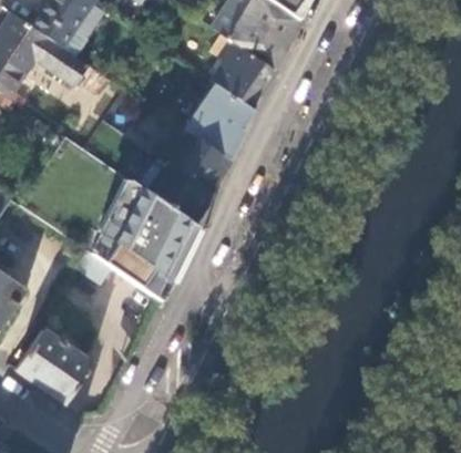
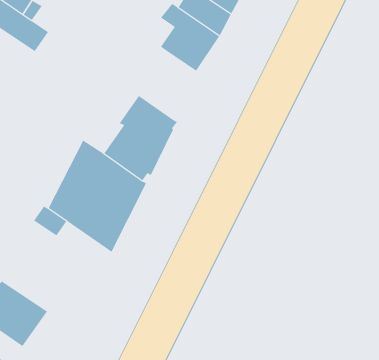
building: [185,82,256,156] -> none

